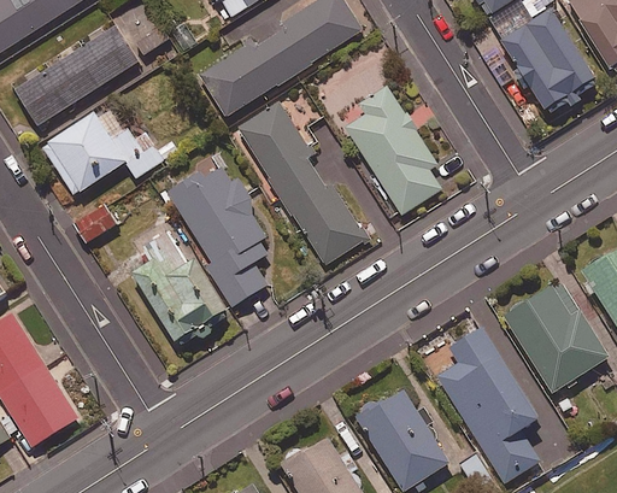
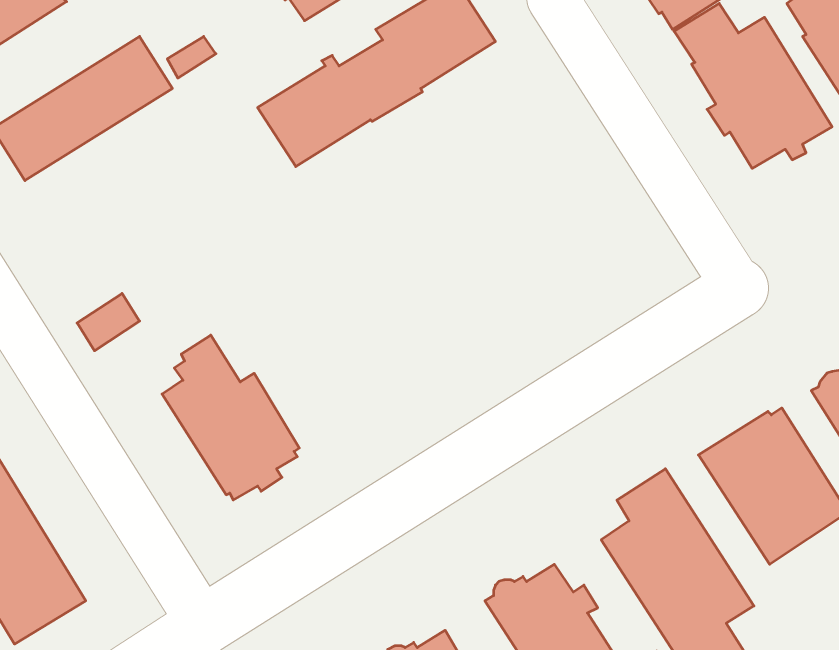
building: [343,84,441,215] -> none
building: [235,99,369,264] -> none
building: [42,106,176,195] -> none
building: [165,165,268,307] -> none

